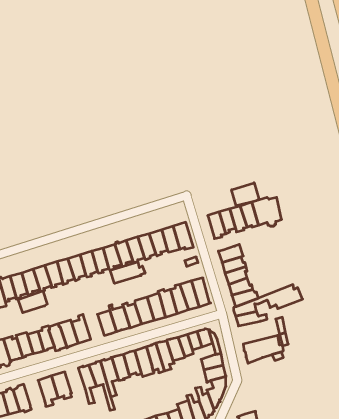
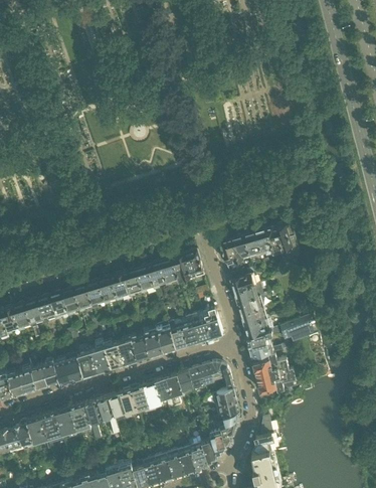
building: [232,183,259,206] -> none
building: [110,262,145,283] -> none
building: [18,291,47,313] -> none
building: none -> [89,342,111,373]
building: none -> [251,354,289,378]
building: none -> [69,403,90,431]
building: none -> [26,417,48,443]
building: none -> [253,418,274,452]

